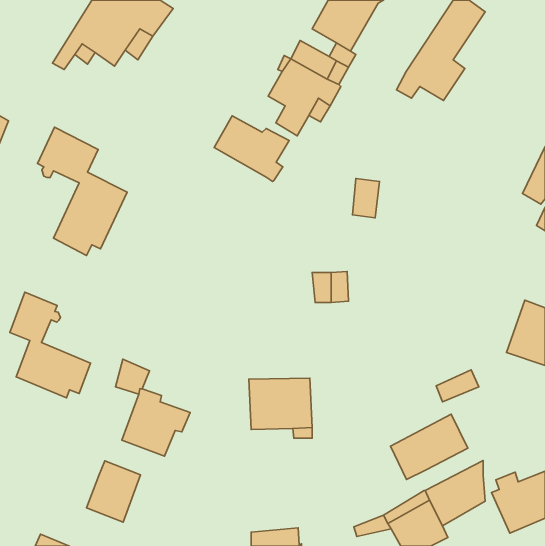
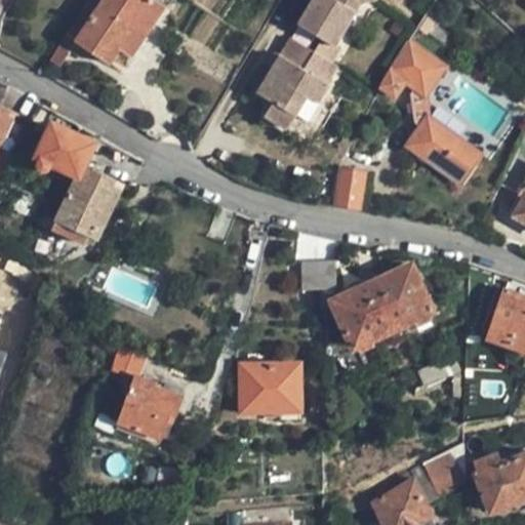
building: none -> [401,111,484,189]
building: [214,116,289,181] -> none
building: none -> [331,264,433,348]
building: [10,292,91,398] -> none
building: [390,414,468,480] -> none
building: [87,461,140,522] -> none

